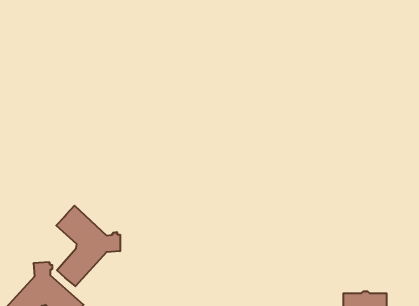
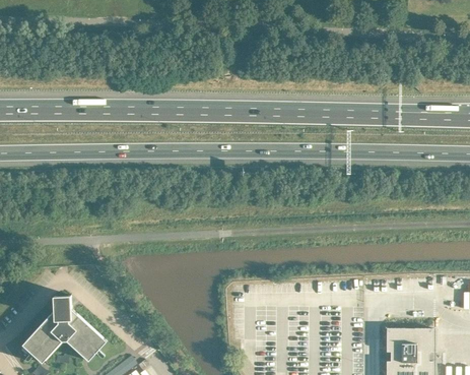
building: [56,206,120,286] -> none

